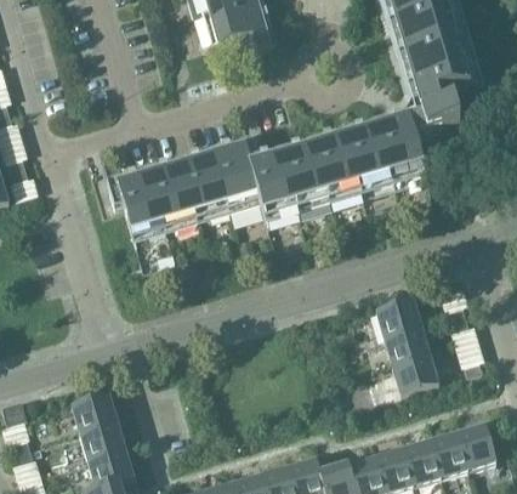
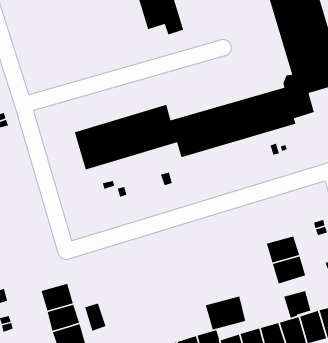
building: [375,297,421,337] -> none
building: none -> [283,290,312,319]
building: none -> [205,295,246,330]
building: none -> [84,302,107,332]

